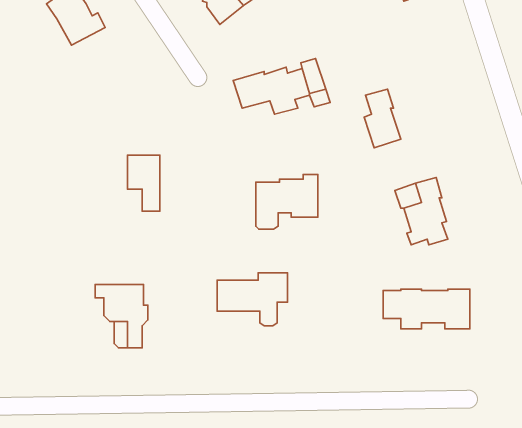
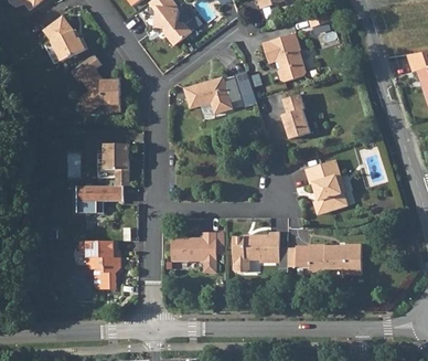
building: none -> [263,33,306,83]
building: none -> [69,54,120,114]
building: [256,175,318,229] -> [233,232,279,273]
building: none -> [77,187,124,213]

